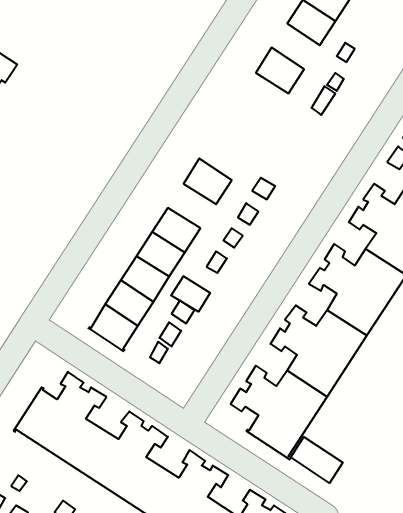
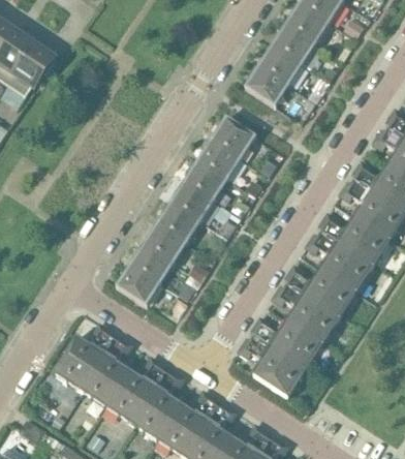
building: none -> [274,24,315,63]
building: none -> [245,66,288,106]
building: none -> [212,118,255,158]
building: none -> [185,161,226,200]
building: [171,276,210,312] -> none
building: [291,437,343,483] -> none

